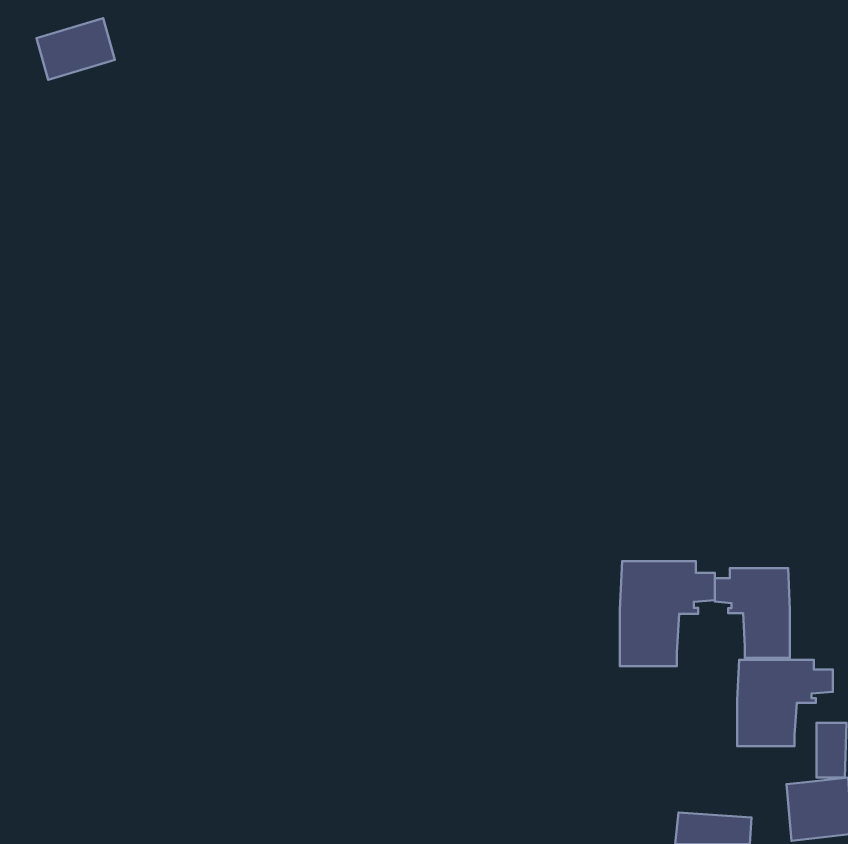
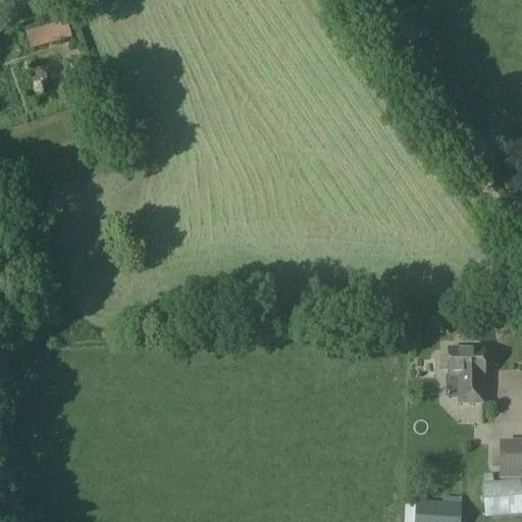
building: [620,561,715,666] -> none
building: [737,660,833,746] -> none

